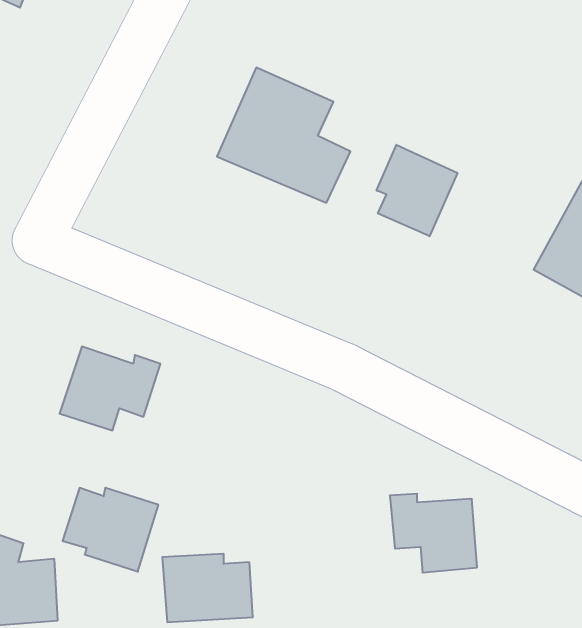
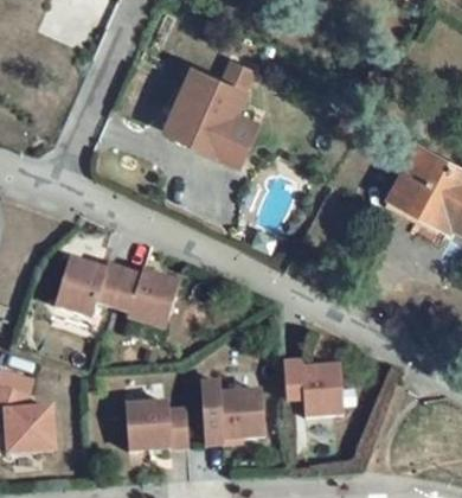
building: [377,145,457,236] -> none
building: [63,488,158,572] -> [113,272,179,330]
building: none -> [201,382,264,445]

